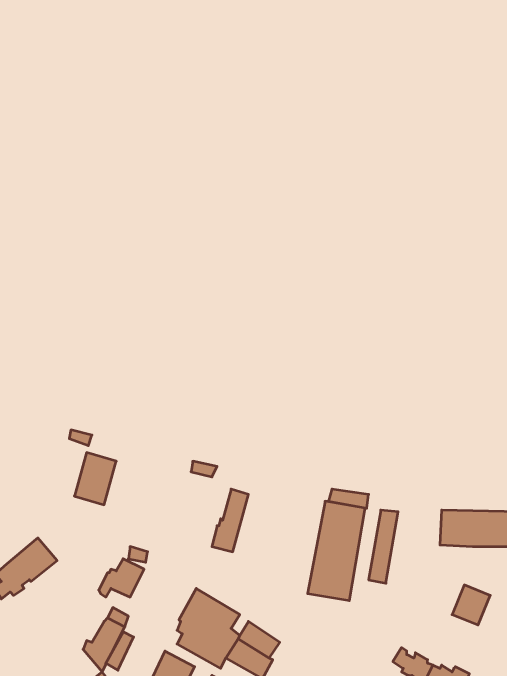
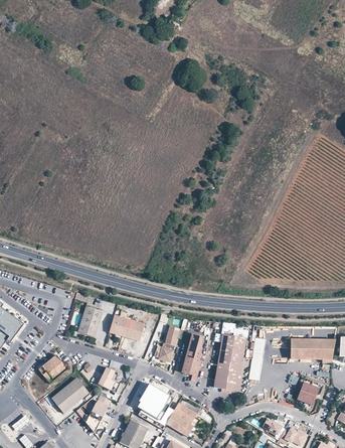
building: none -> [109,315,144,340]
building: none -> [182,334,204,378]
building: none -> [51,377,89,412]

